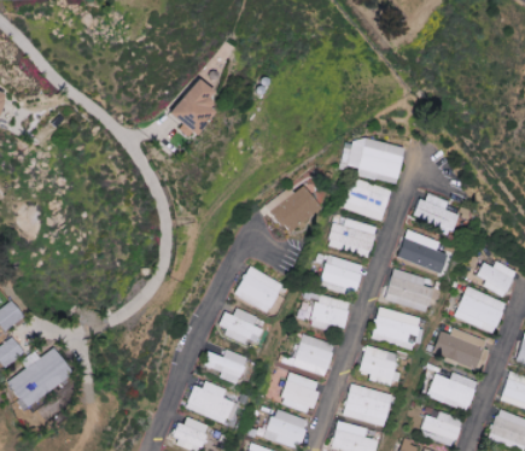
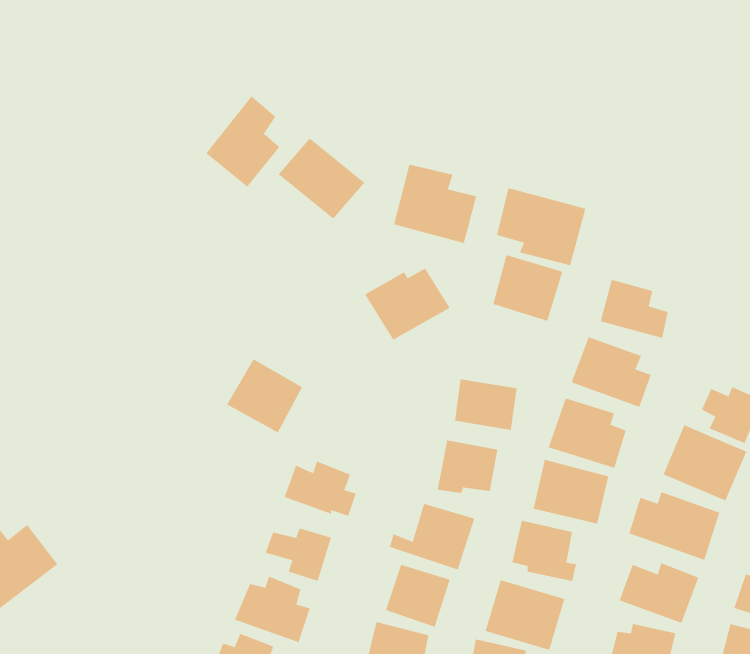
building: none -> [278,138,365,219]
building: none -> [393,164,477,244]
building: [331,218,380,254] -> none
building: [234,265,282,312] -> [226,358,303,433]

